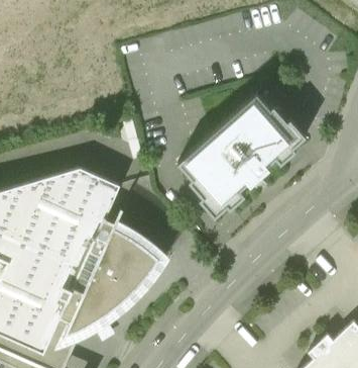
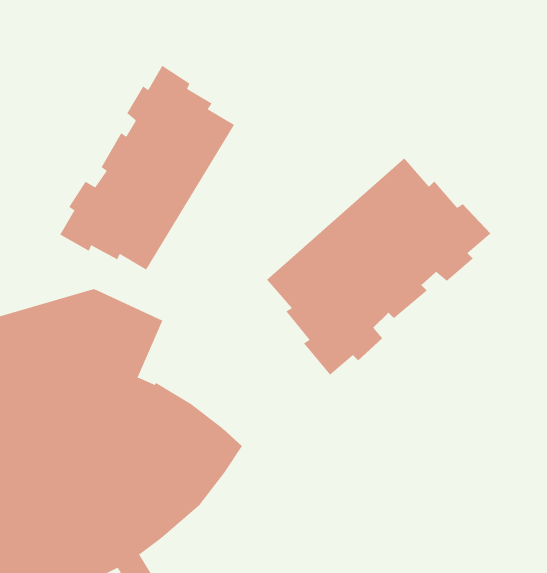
building: none -> [60,65,235,271]

